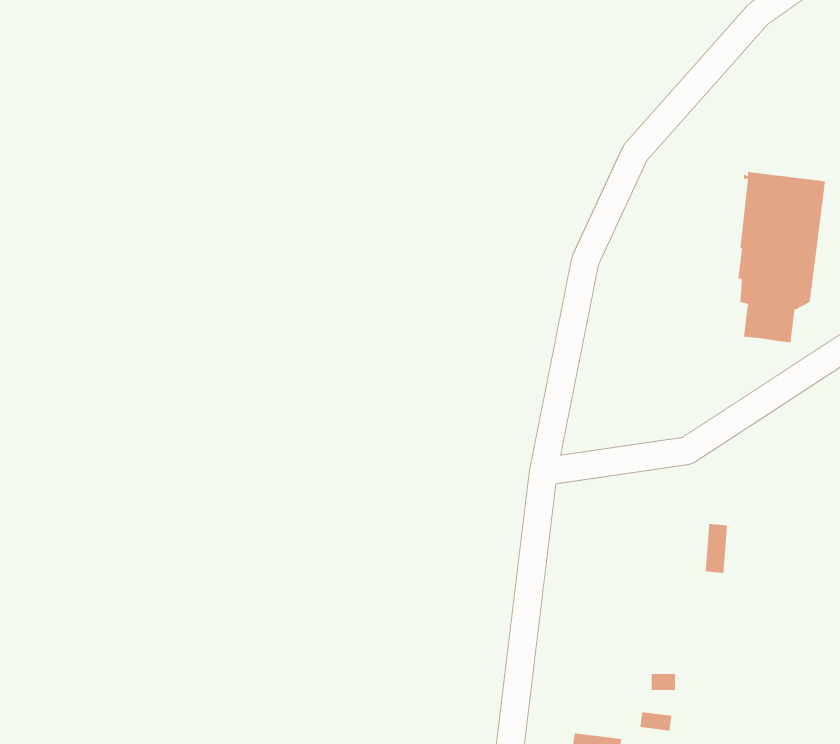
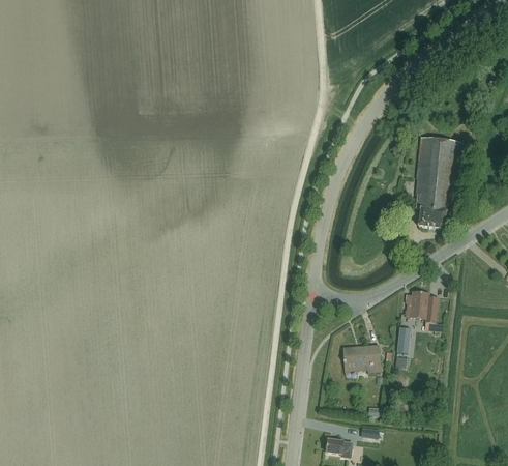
building: none -> [406,291,438,323]
building: none -> [342,344,386,372]

